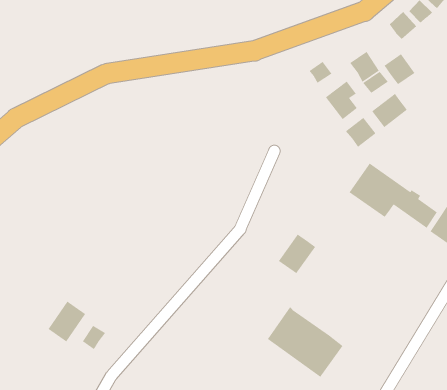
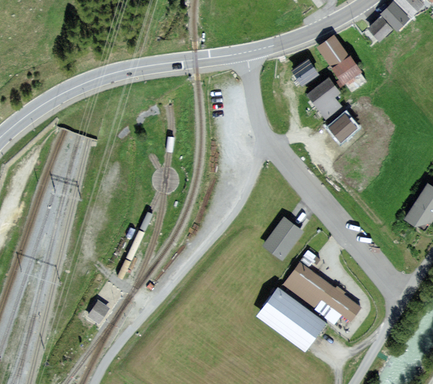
building: [383,53,415,85] -> [318,35,347,64]
building: [371,93,408,128] -> none
building: [349,163,438,229] -> [280,261,361,321]
building: [48,301,86,342] -> none

